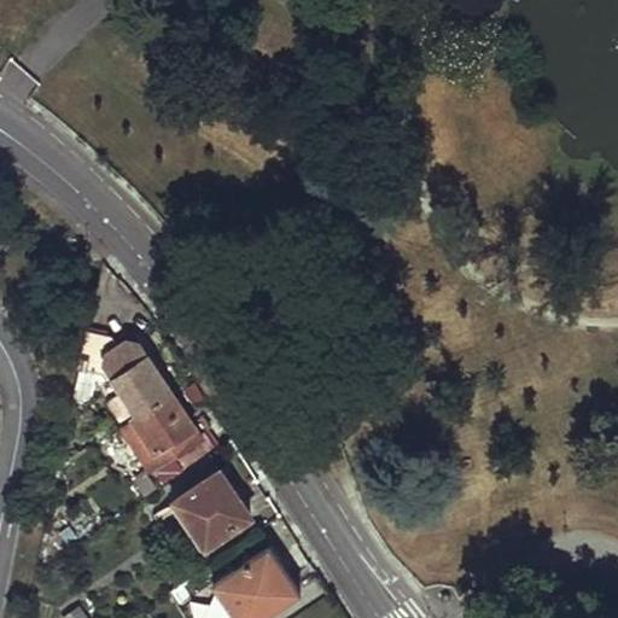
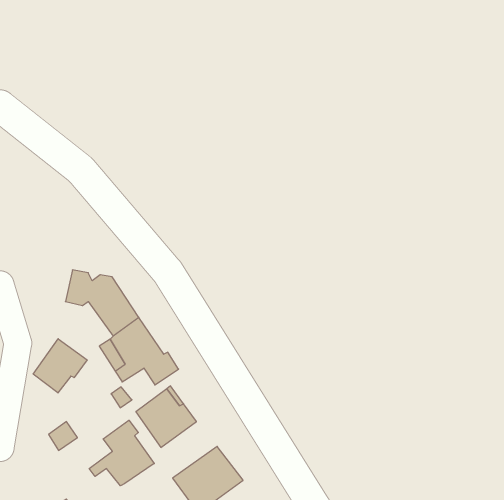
building: none -> [33,339,87,393]
building: none -> [89,420,154,486]

